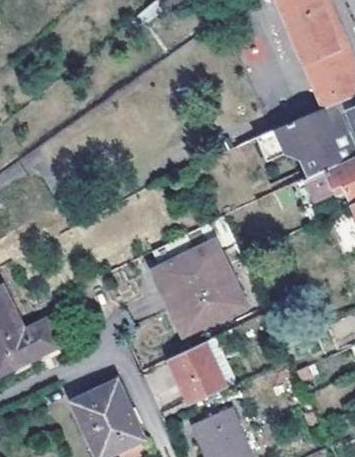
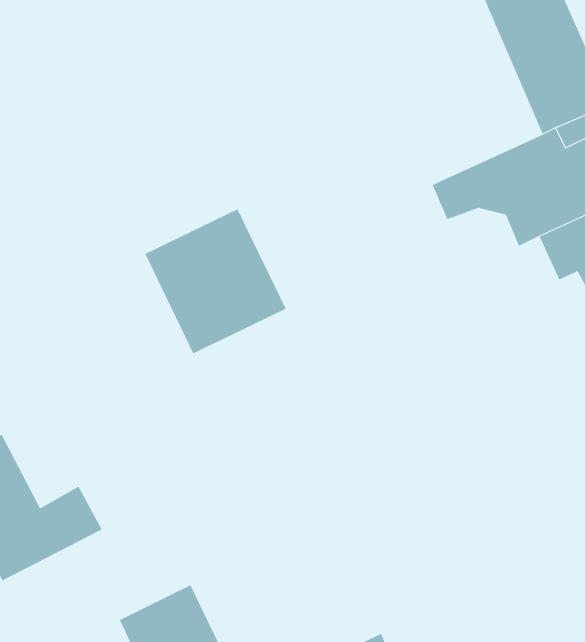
building: [159,241,244,328] -> [144,209,286,354]
building: [165,344,224,406] -> none

